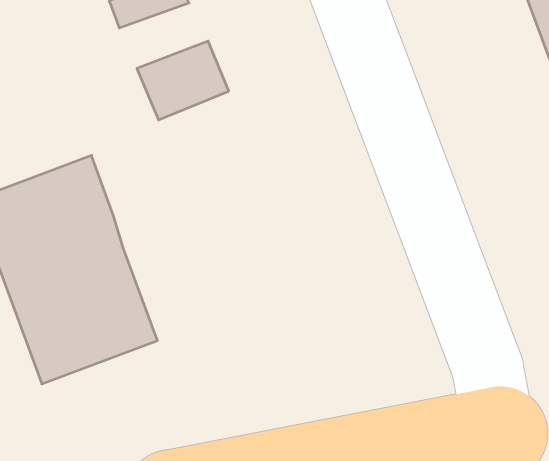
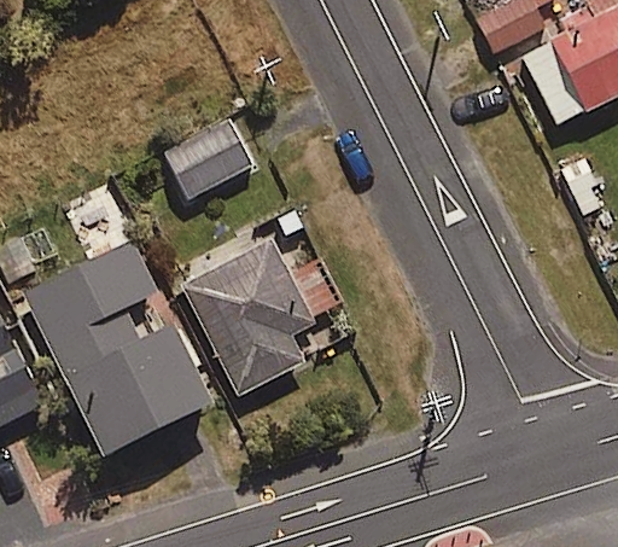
building: none -> [182,240,311,395]

